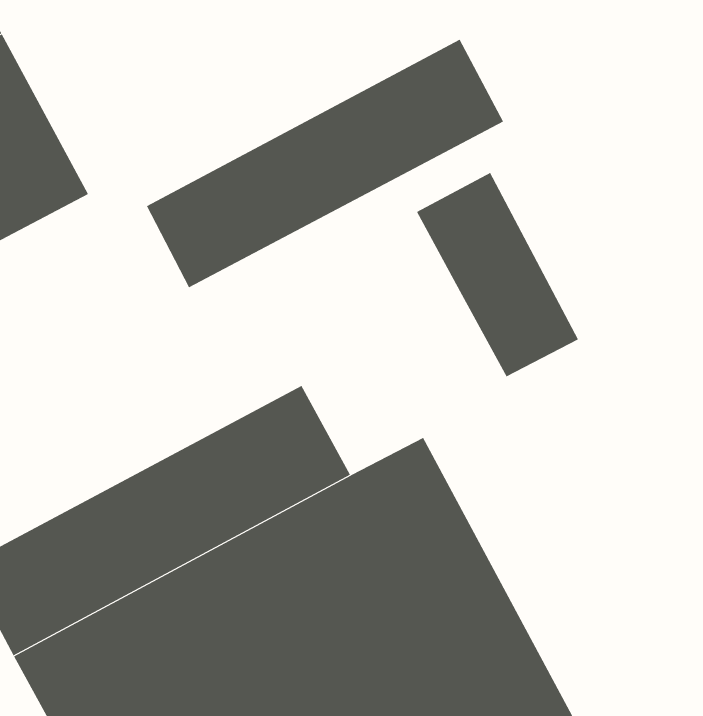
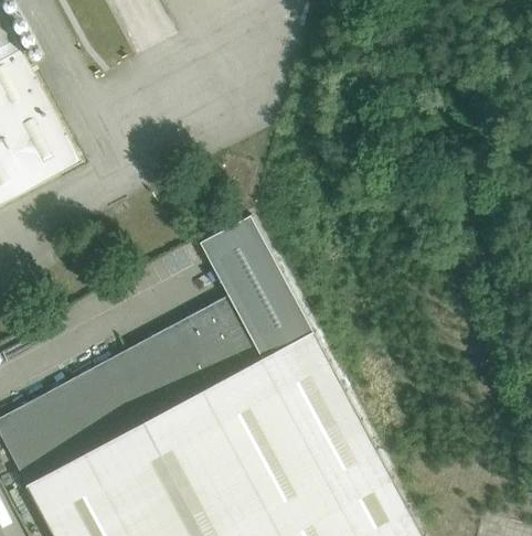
building: [146,39,504,288] -> none
building: [416,172,579,377] -> [198,215,311,358]

